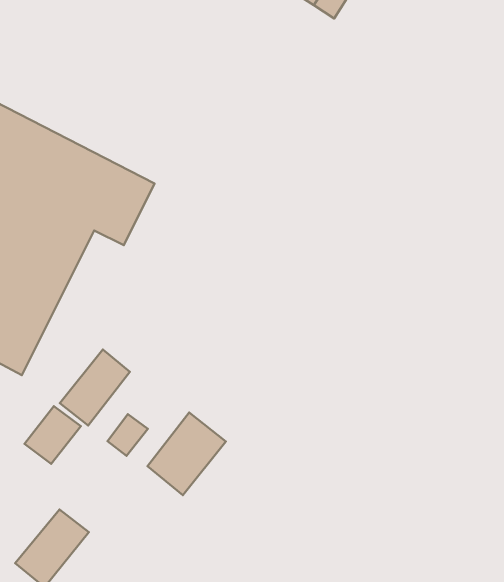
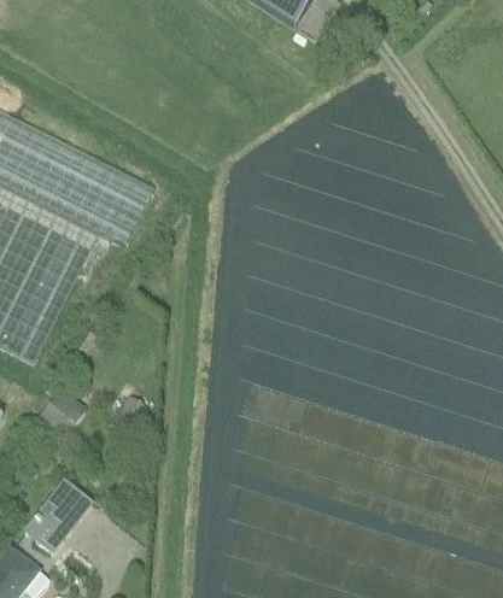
building: [60,349,130,426] -> none
building: [148,412,226,495] -> none

